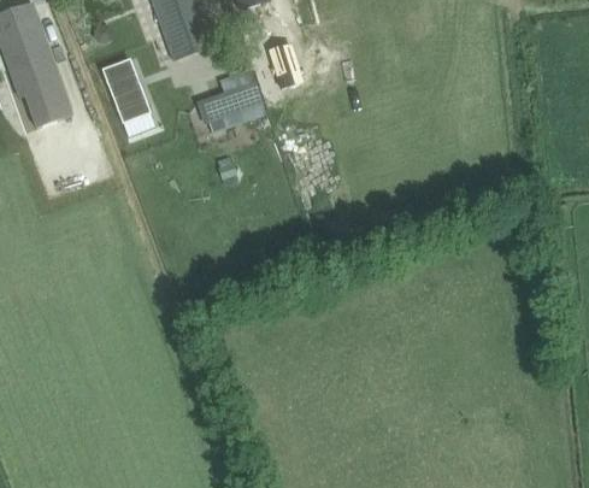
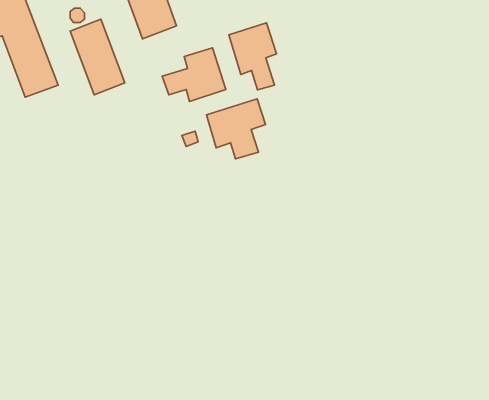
building: none -> [229,23,276,90]
building: none -> [207,99,265,159]

